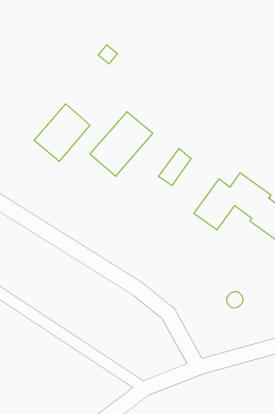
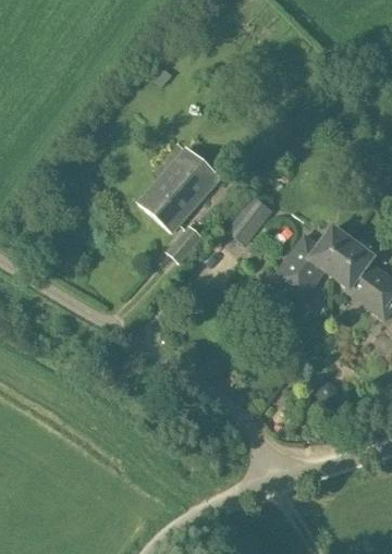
building: [34,104,90,162] -> none
building: none -> [168,224,204,262]

